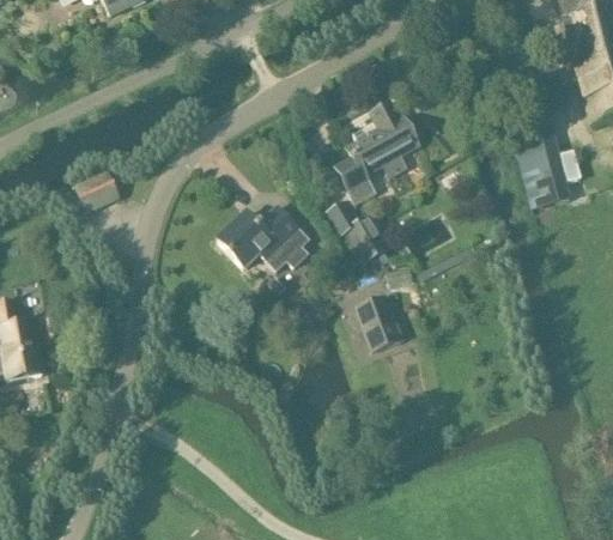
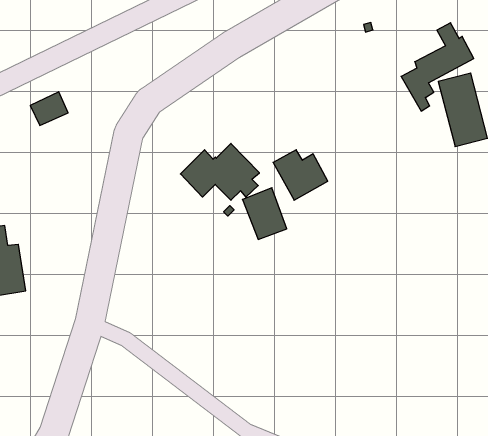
building: [335,104,418,205] -> [401,23,474,111]
building: [77,171,120,210] -> [30,92,68,125]
building: [354,295,405,353] -> [242,188,287,239]

